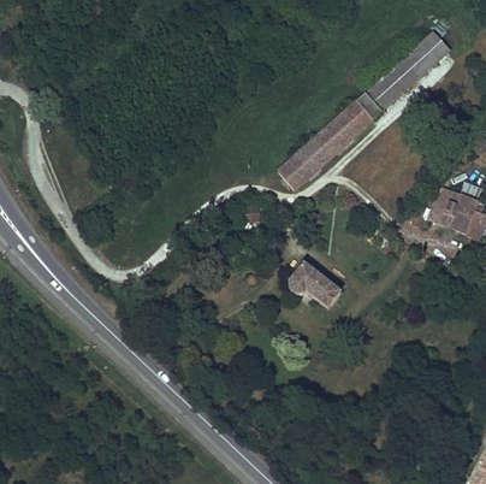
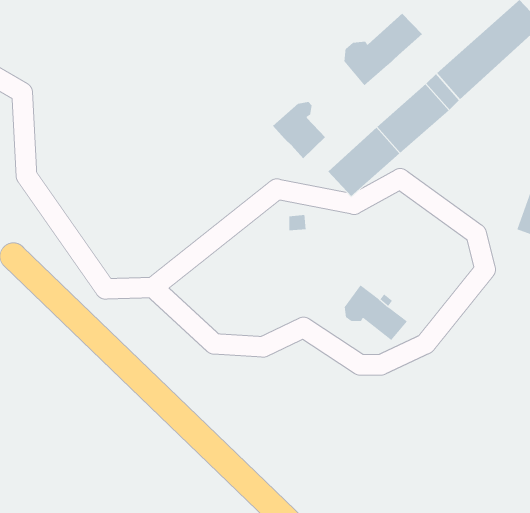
building: none -> [344,13,423,86]
building: none -> [272,101,326,159]

